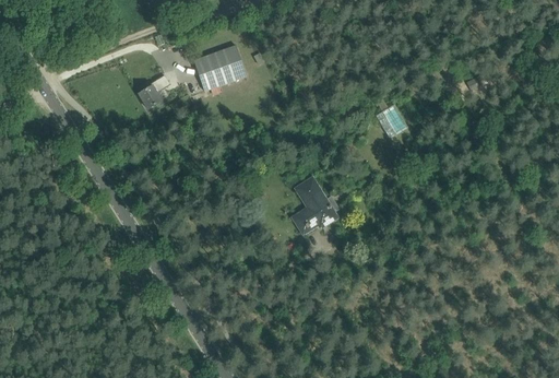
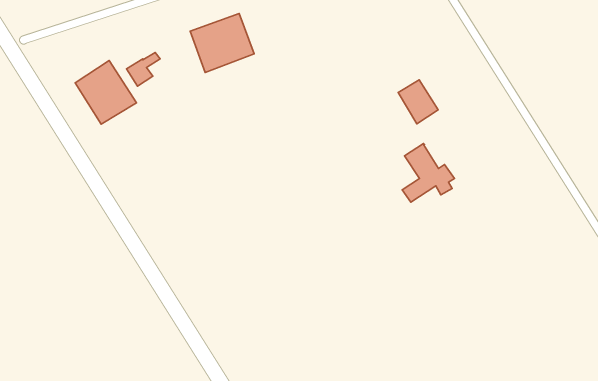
building: none -> [75,60,137,124]
building: [293,175,338,226] -> [402,143,455,202]

